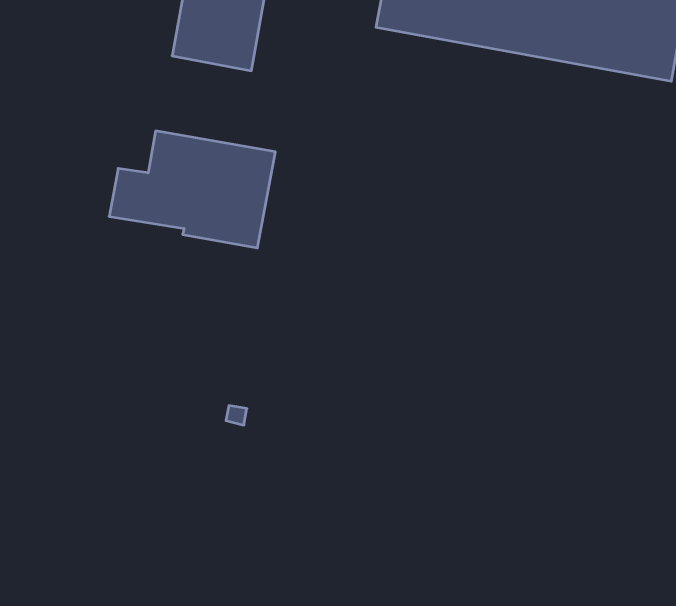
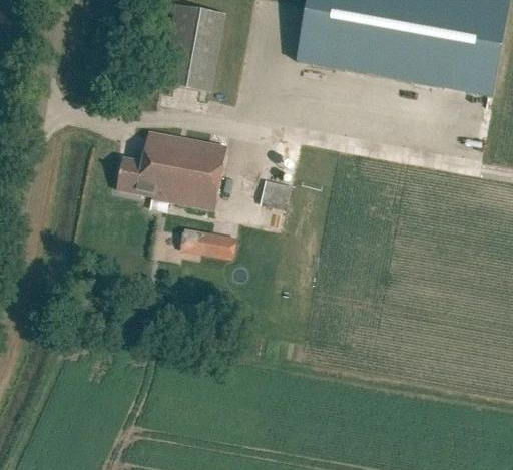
building: none -> [259,178,292,210]
building: none -> [176,227,231,257]

